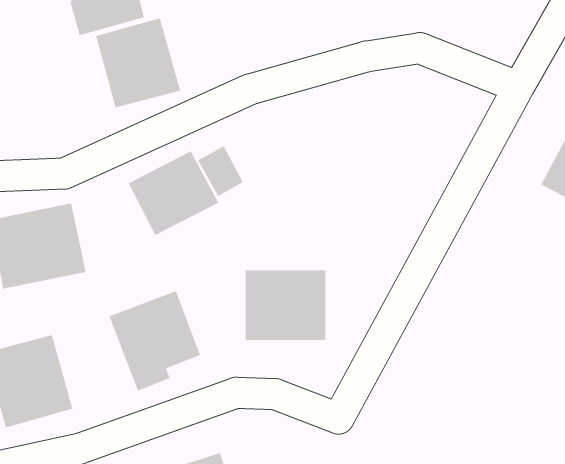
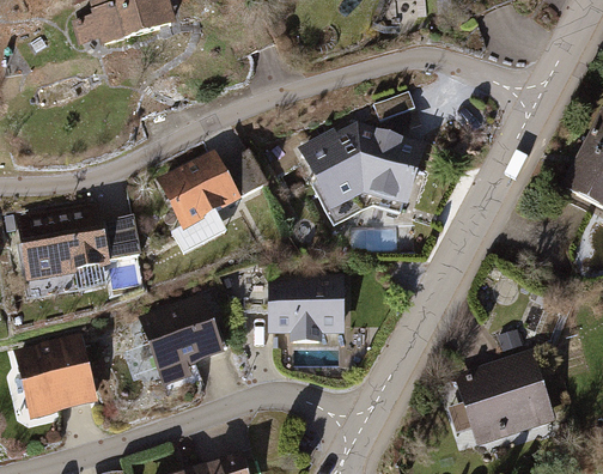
building: [95,18,181,108] -> none
building: none -> [296,109,427,208]
building: none -> [104,214,141,260]
building: none -> [453,350,558,449]

